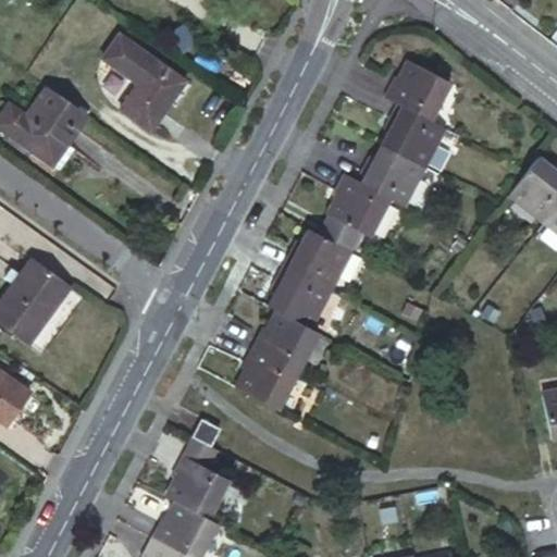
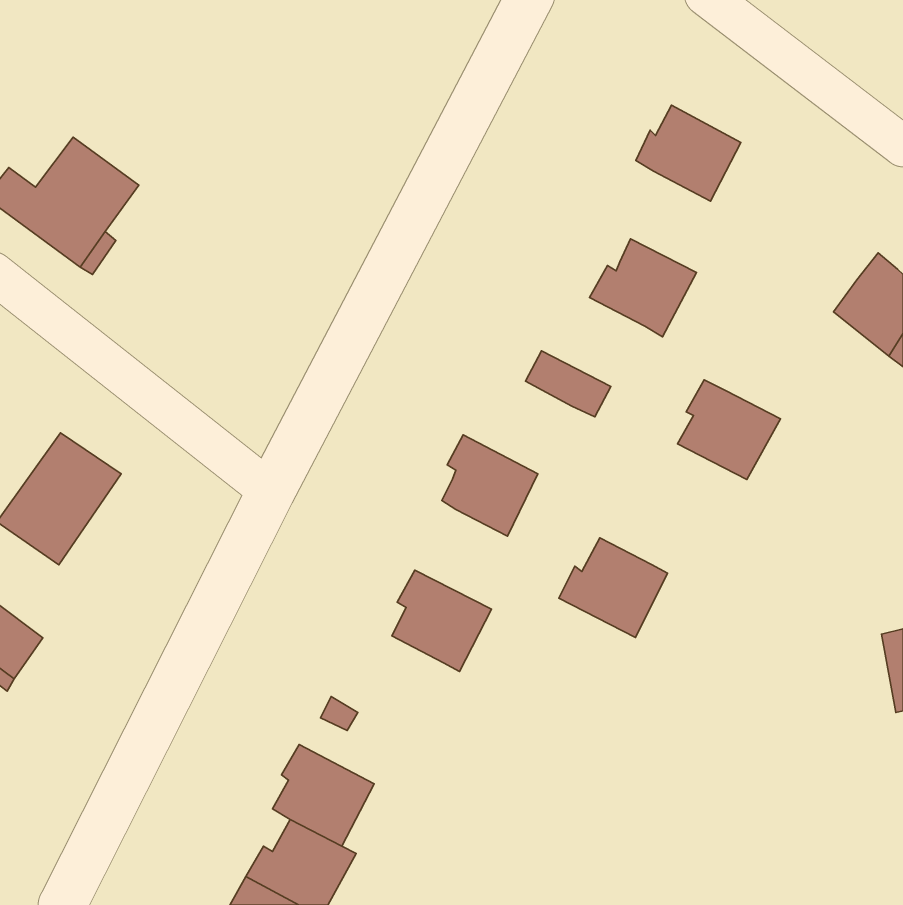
building: [106,38,182,128] -> none
building: [385,104,445,166] -> none
building: [331,175,394,236] -> [677,380,781,480]
building: [283,226,349,289] -> none
building: [253,311,320,372] -> [559,538,667,637]

